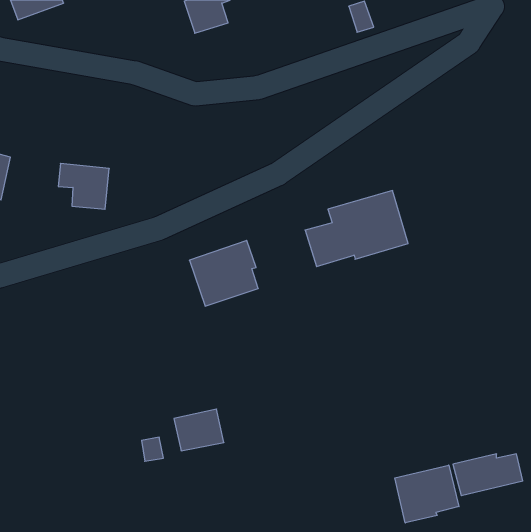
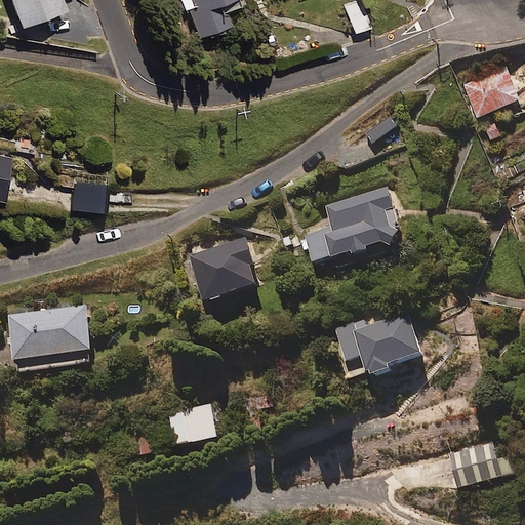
building: none -> [465,72,519,118]
building: none -> [11,306,95,369]
building: none -> [336,313,419,376]
building: [395,465,459,523] -> none

